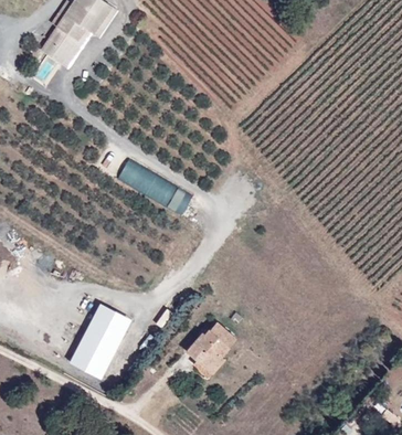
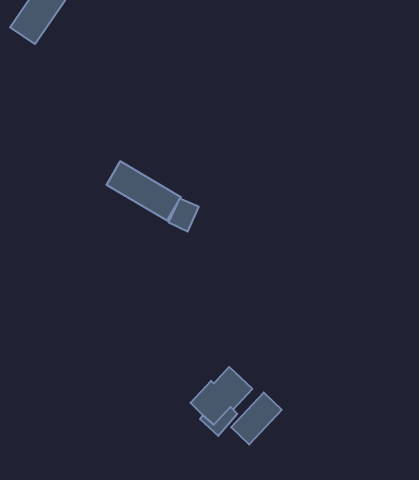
building: [71,305,131,378] -> none
building: none -> [231,392,282,445]

